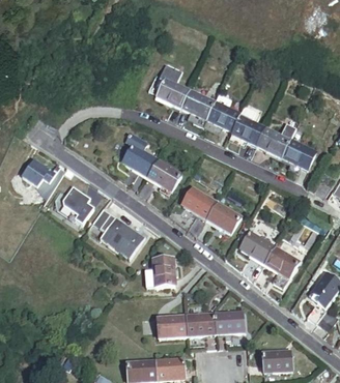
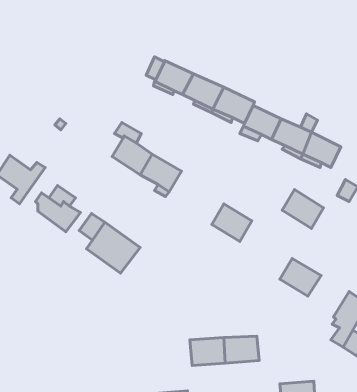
building: [179,183,215,216] -> none
building: [237,230,273,263] -> [282,190,324,229]
building: [148,257,176,287] -> none
building: [158,315,188,338] -> none

